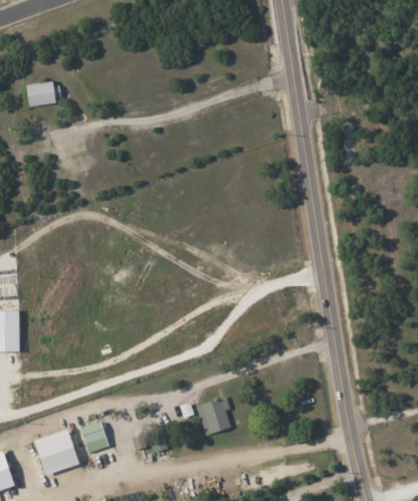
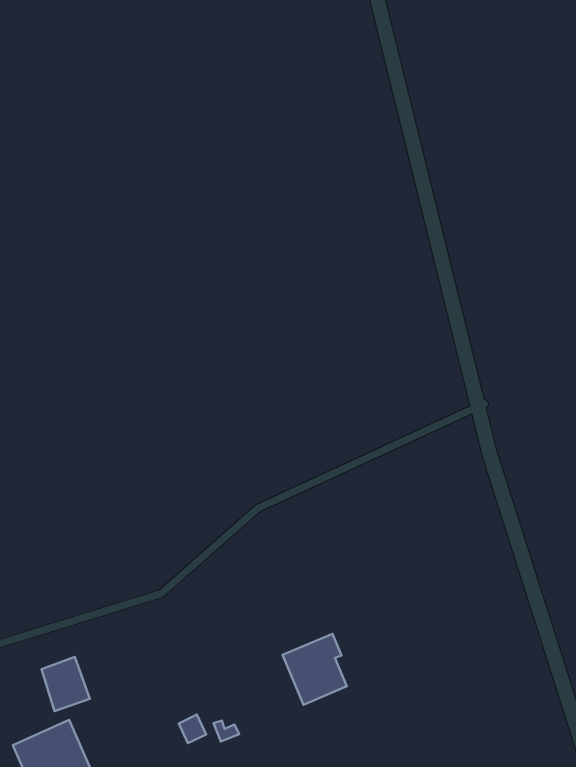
building: [81,423,108,453] -> [41,657,90,711]

